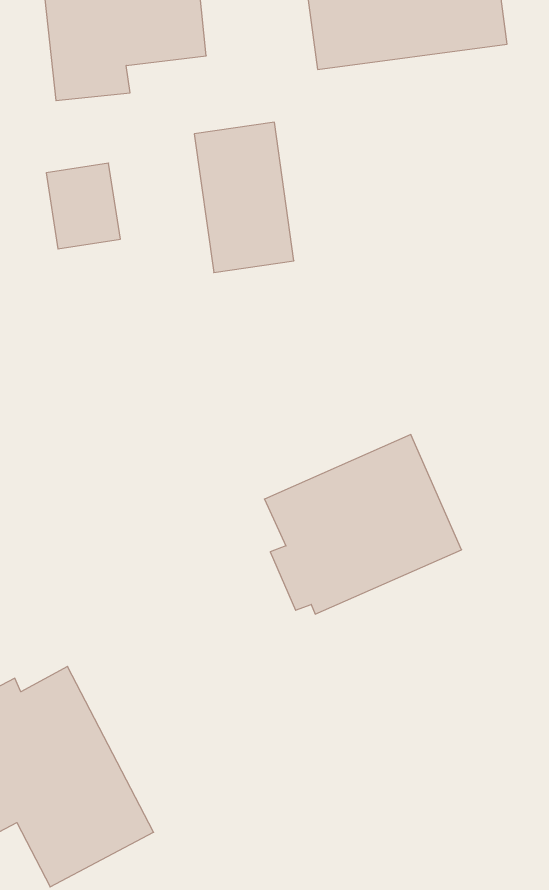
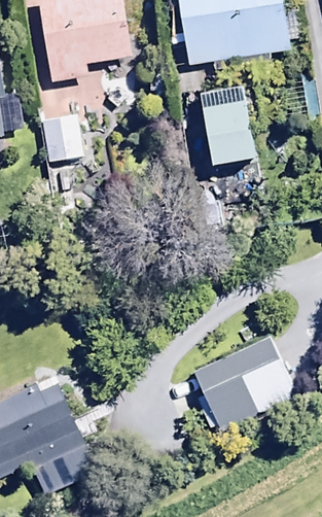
building: [194,122,294,273] -> [202,82,254,162]
building: [264,435,462,614] -> [193,334,297,428]

